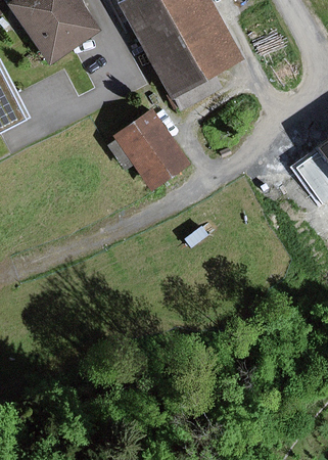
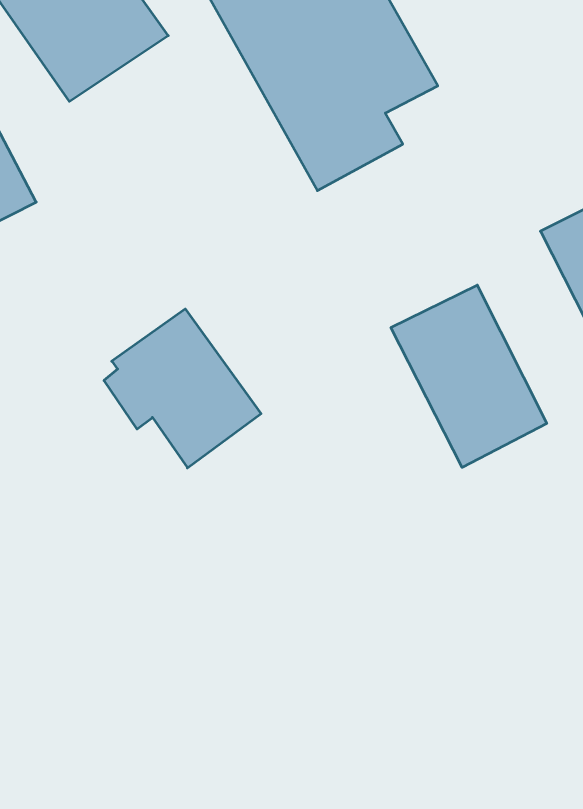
building: [108,107,191,191] -> [104,309,261,468]
building: none -> [391,285,547,467]

